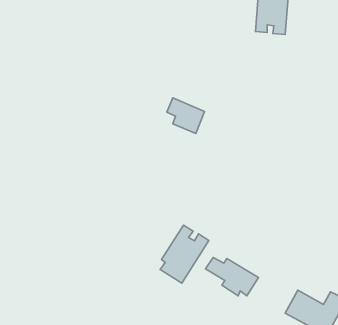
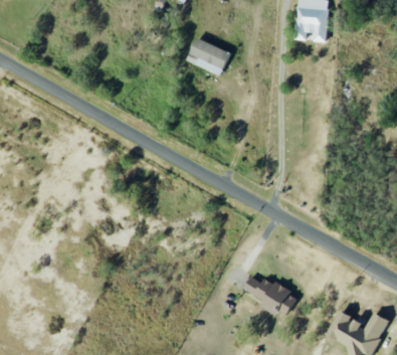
building: [167,98,204,133] -> [190,37,229,74]
building: [160,225,209,283] -> none

